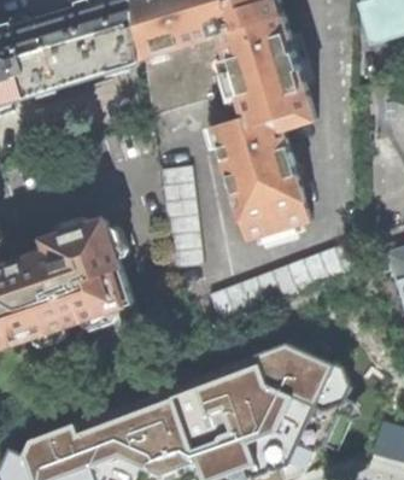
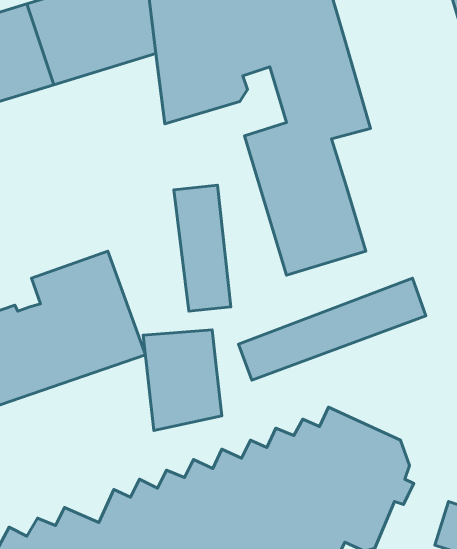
building: none -> [143,330,222,430]

